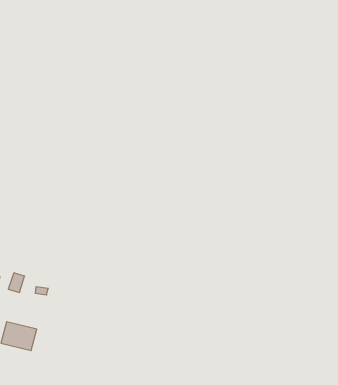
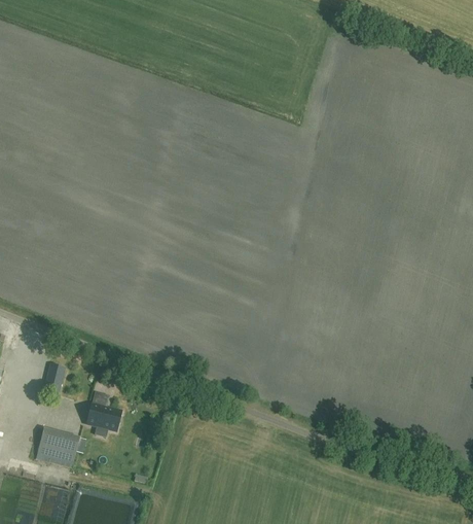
building: none -> [85,404,120,431]

